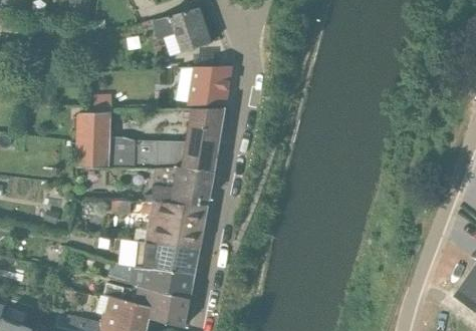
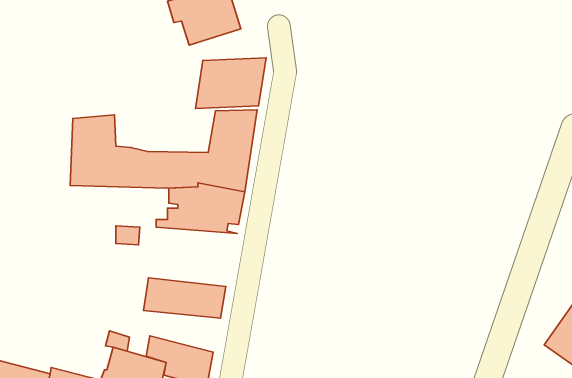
building: [145,203,208,249] -> none
building: [107,262,195,301] -> none

